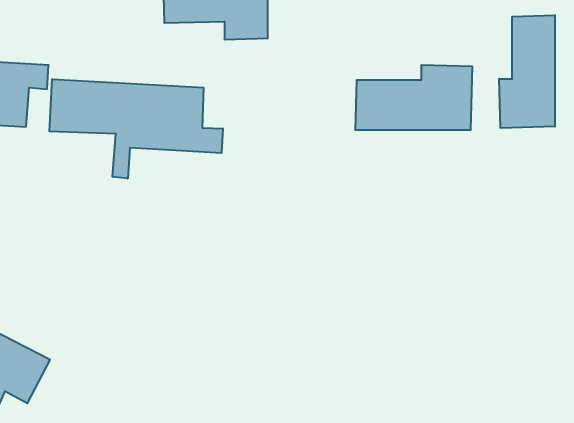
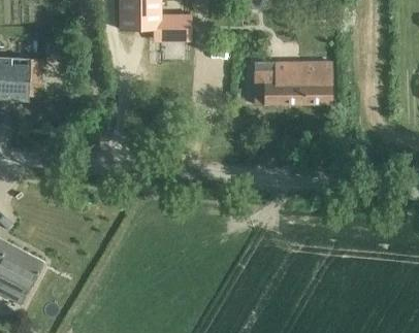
building: [499,15,555,128] -> none
building: [50,79,223,179] -> none

